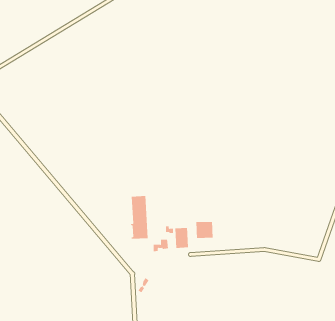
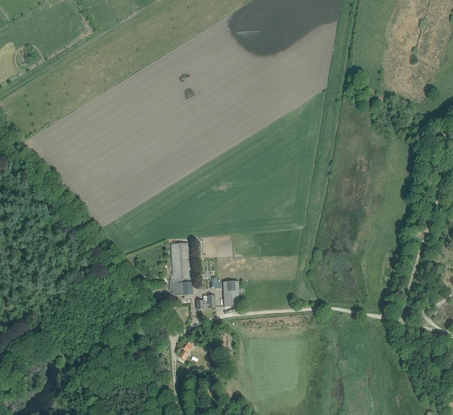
building: [196,221,213,239] -> none

